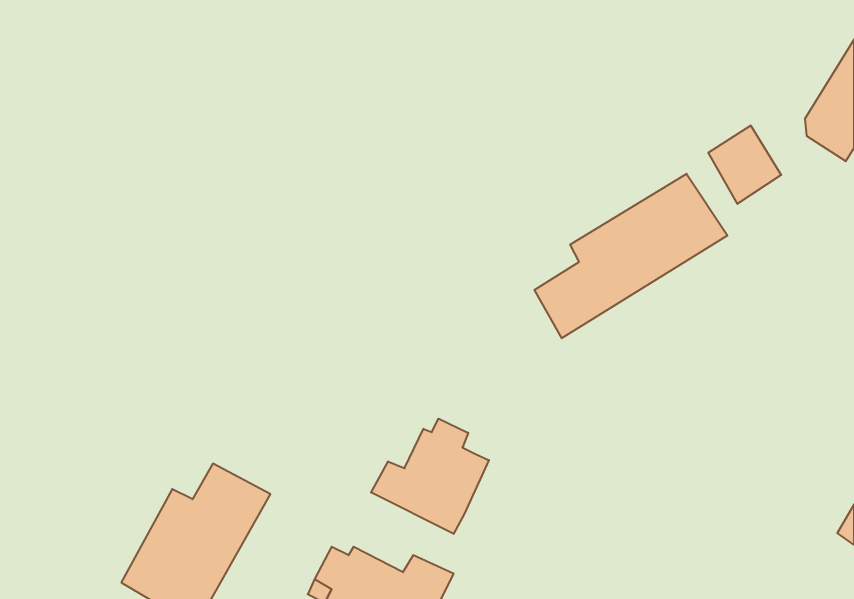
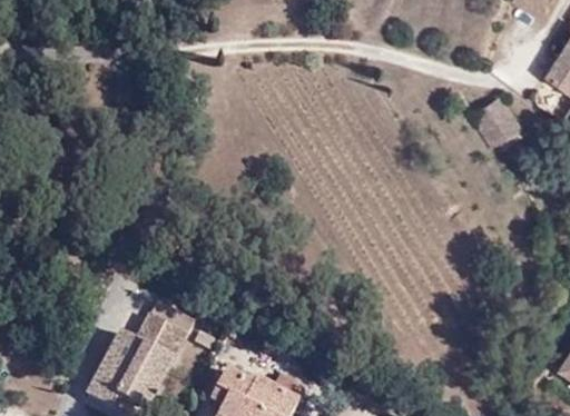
building: [535,174,727,338] -> none
building: [371,419,489,534] -> none

